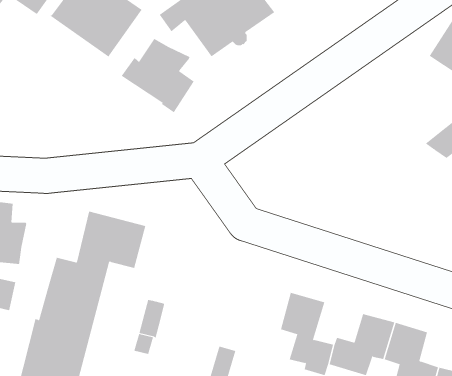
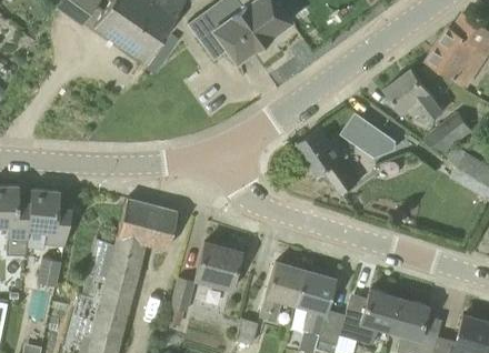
building: [121,38,194,113] -> none
building: none -> [387,69,443,123]
building: none -> [342,113,397,158]
building: none -> [298,128,359,194]
building: none -> [196,242,241,286]
building: none -> [260,262,306,322]

